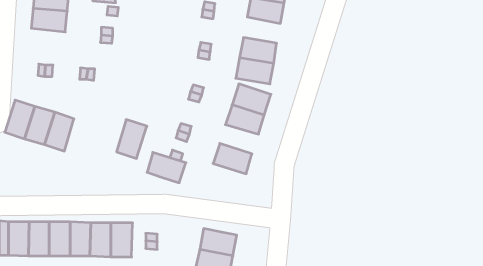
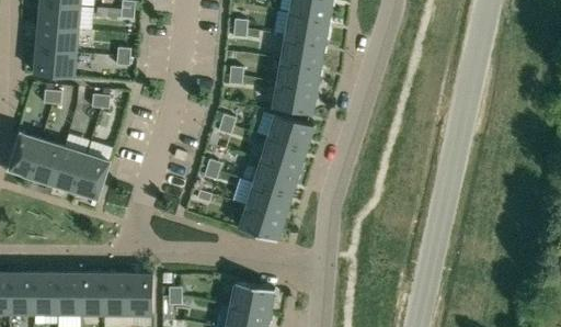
building: none -> [282,36,324,67]
building: none -> [34,49,76,78]
building: [117,120,147,158] -> [75,155,110,200]
building: none -> [254,161,299,195]
building: [147,152,186,183] -> [240,206,285,241]

